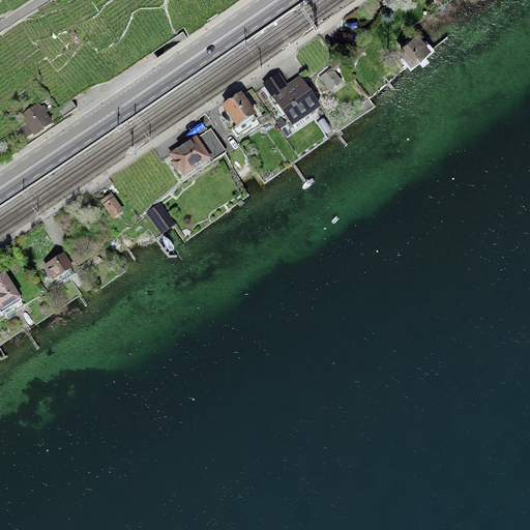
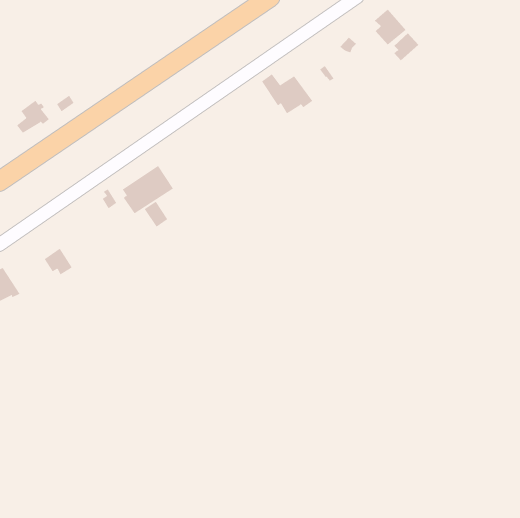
building: none -> [374,9,407,46]
building: [225,92,261,134] -> none
building: [171,127,224,177] -> [122,165,174,214]

